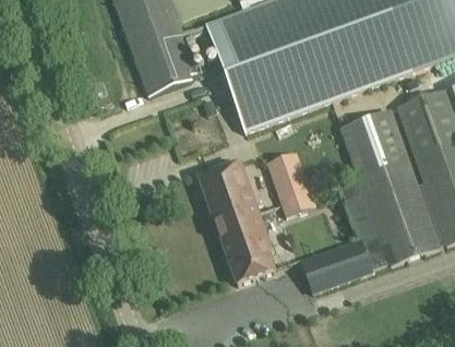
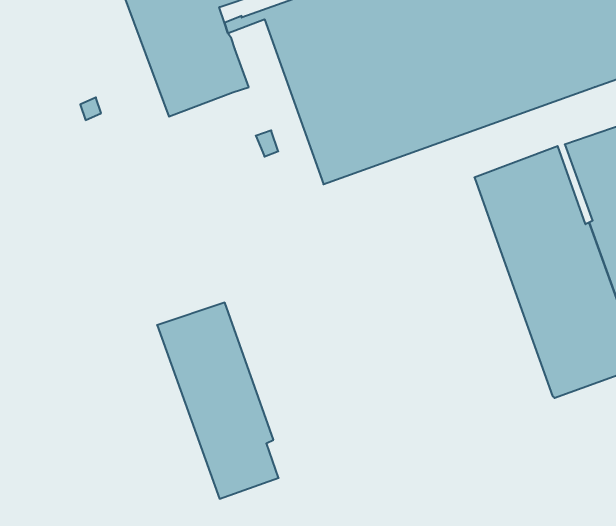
building: [197,159,274,283] -> [157,303,279,499]
building: [271,164,321,203] -> none
building: [300,176,387,290] -> none

